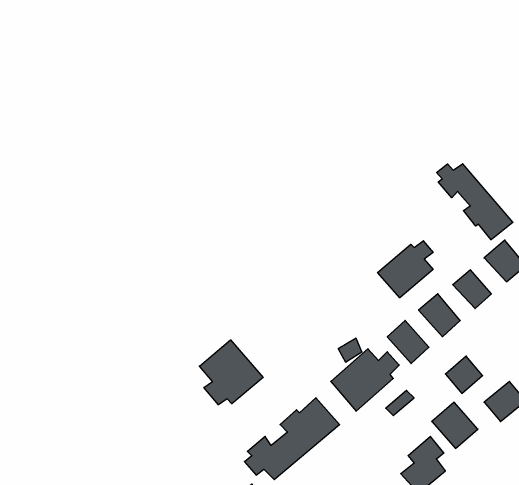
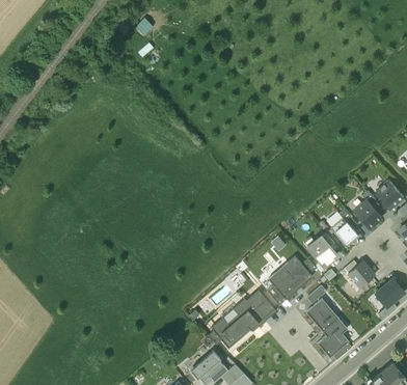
building: [437,164,513,240] -> none
building: [378,241,433,298] -> none
building: [199,340,263,405] -> none
building: [432,402,478,448] -> [305,299,337,331]

